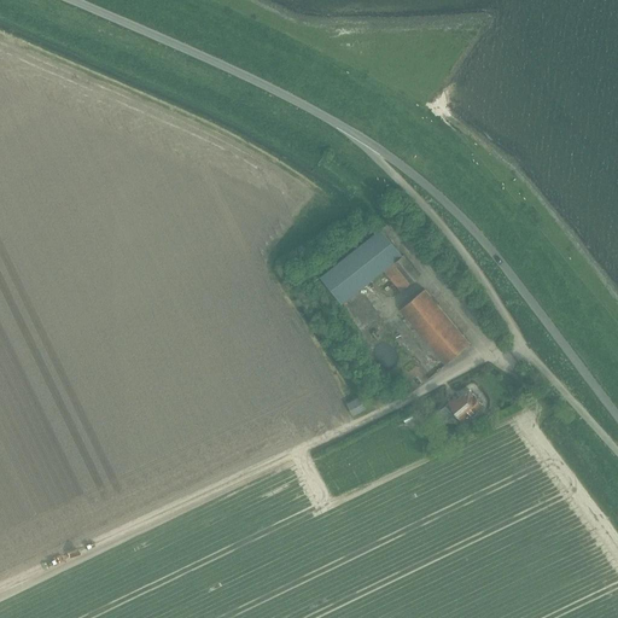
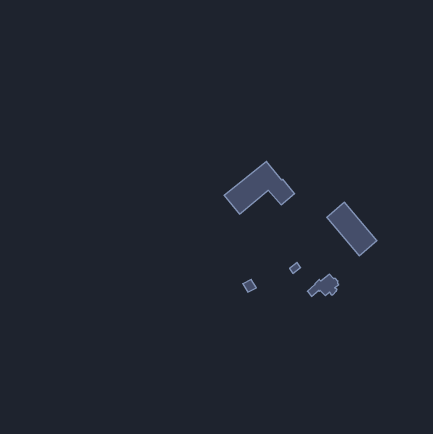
building: [398,288,470,365] -> [327,202,377,256]

